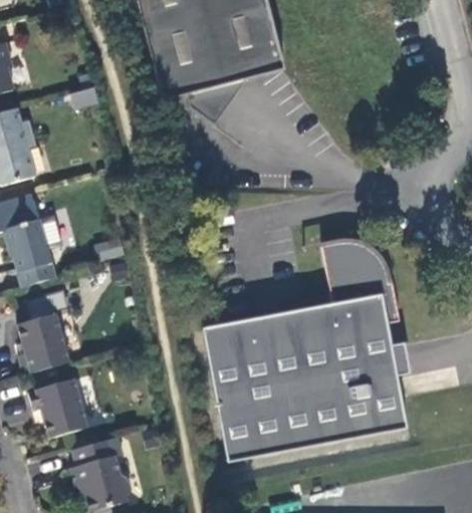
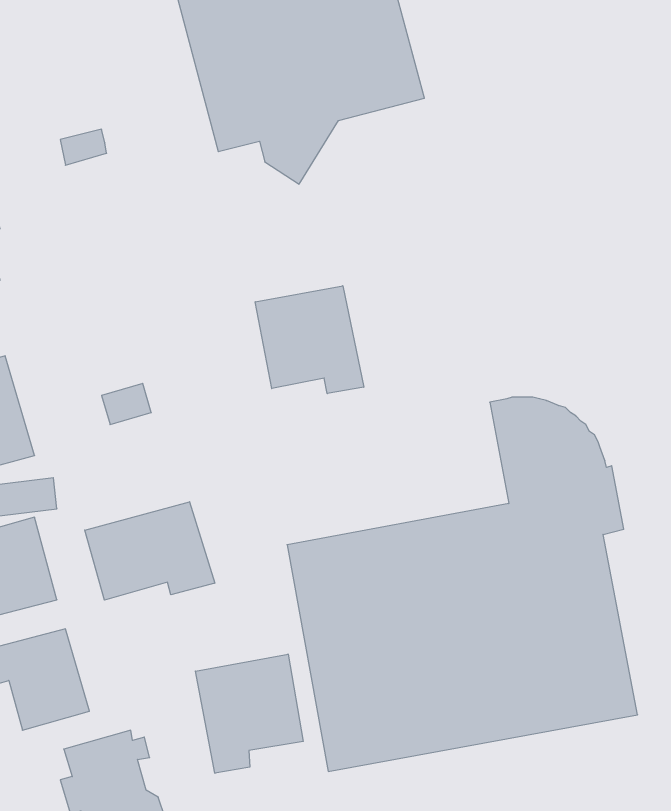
building: none -> [255,286,364,394]
building: none -> [85,502,215,600]
building: none -> [195,654,303,773]

